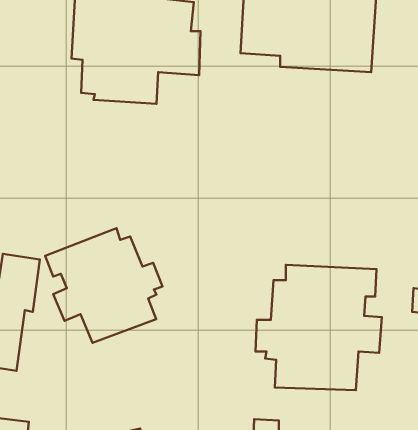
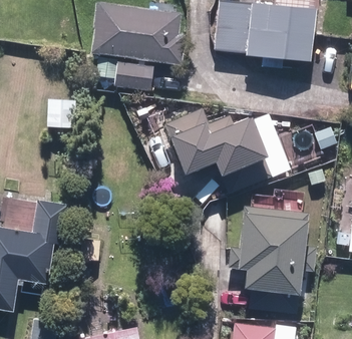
building: none -> [162,105,265,182]
building: [45,228,162,343] -> none

